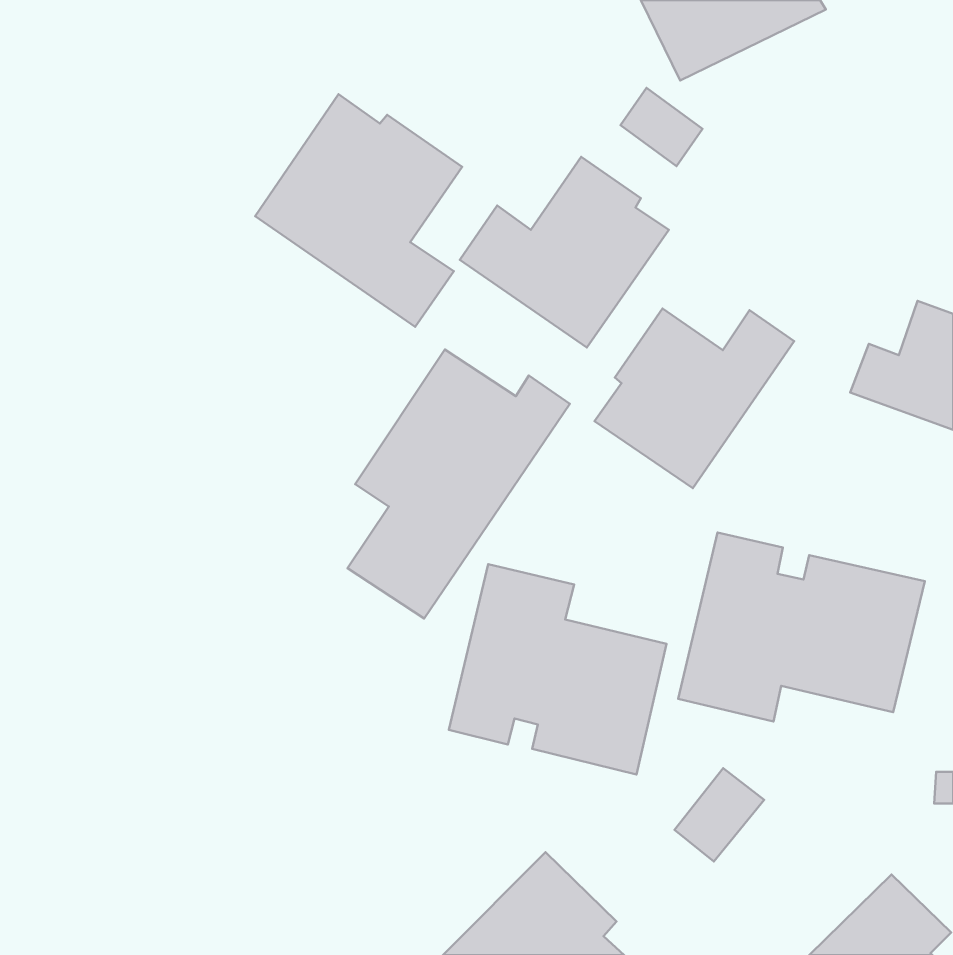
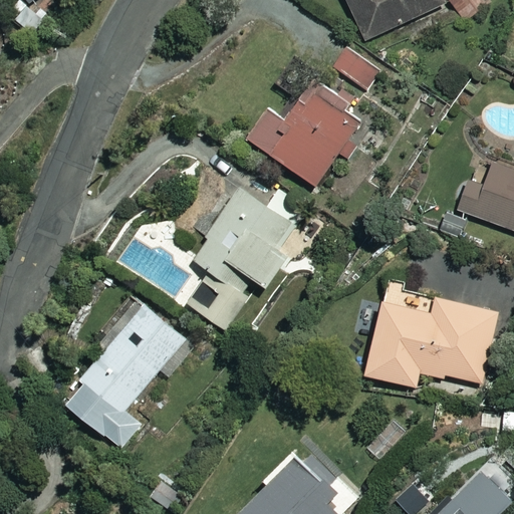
building: [255,94,462,327] -> none
building: [595,309,794,488] -> none
building: none -> [62,294,186,450]
building: [449,564,667,775] -> none

